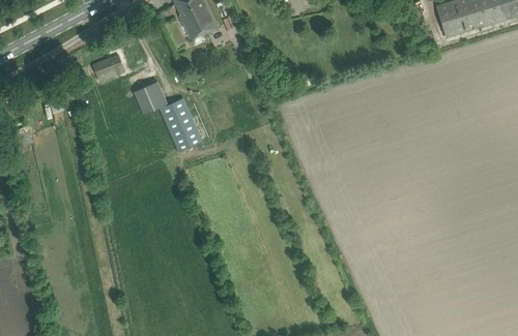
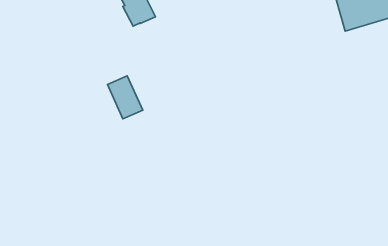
building: [92,55,124,82] -> none
building: [134,81,167,114] -> none

